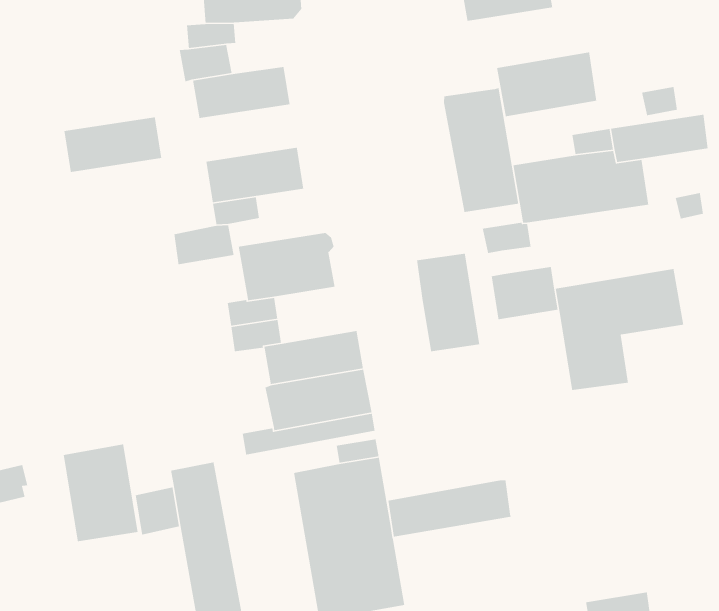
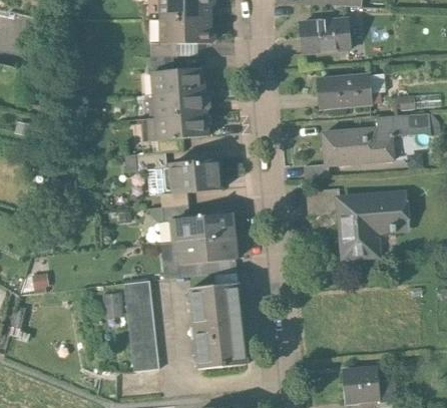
building: [443,87,519,213] -> none
building: [63,116,162,173] -> [153,90,205,117]
building: [416,253,480,352] -> none
building: [63,443,139,542] -> none
building: [388,480,512,538] -> none

